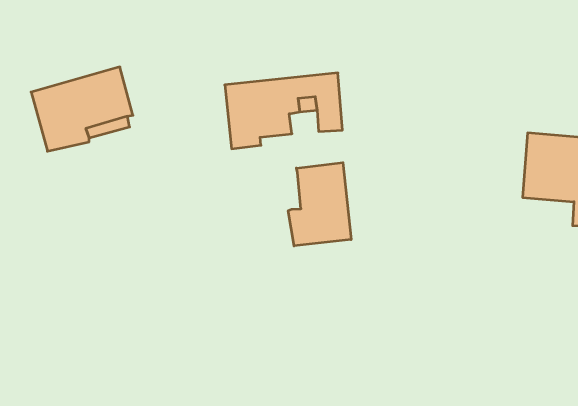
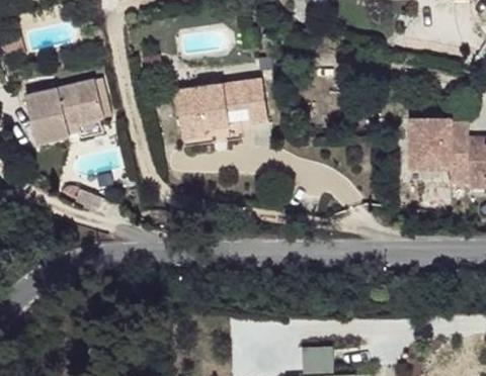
building: [288,163,351,246] -> none

